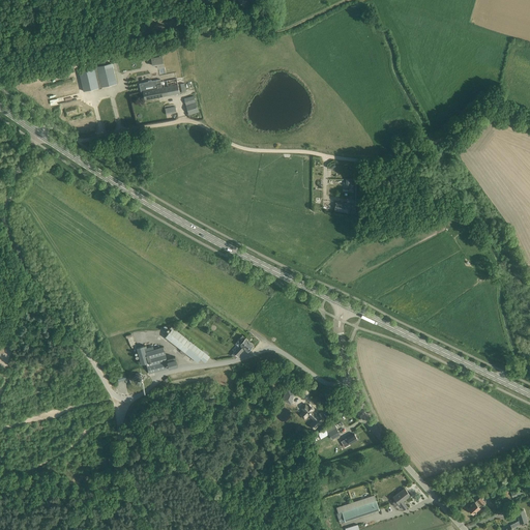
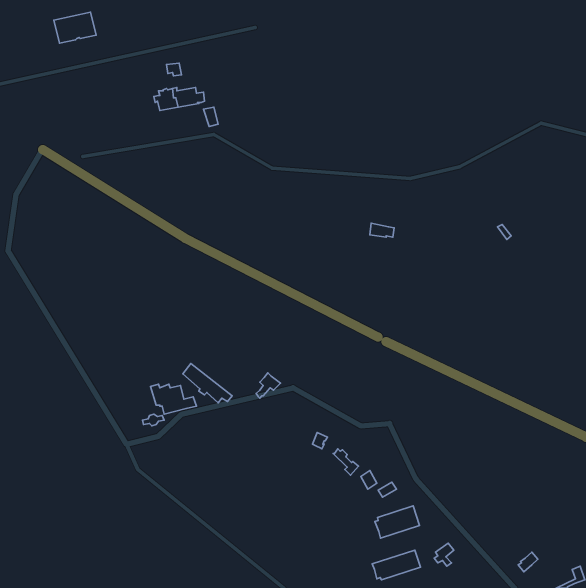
building: [78,63,116,91] -> [54,12,96,43]
building: none -> [375,506,419,538]

